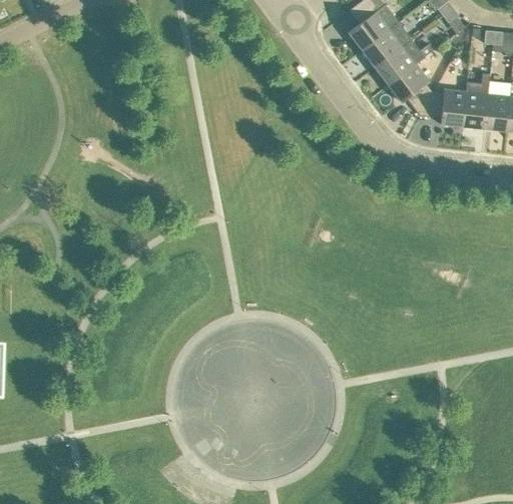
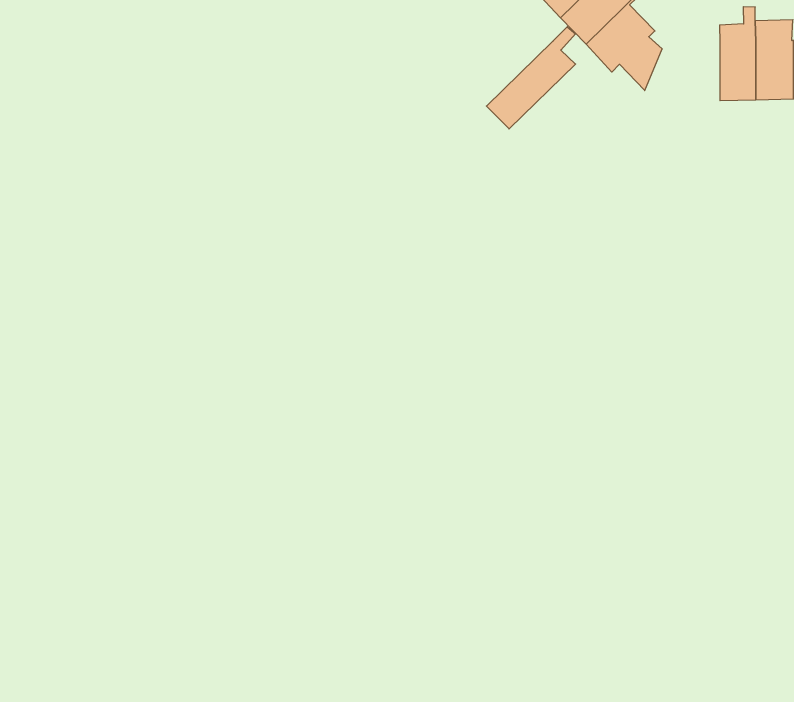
building: none -> [486,27,576,129]
building: [419,89,466,126] -> none

